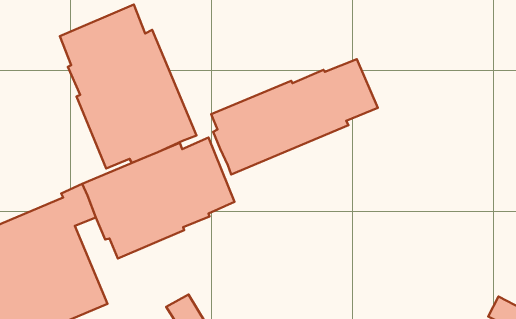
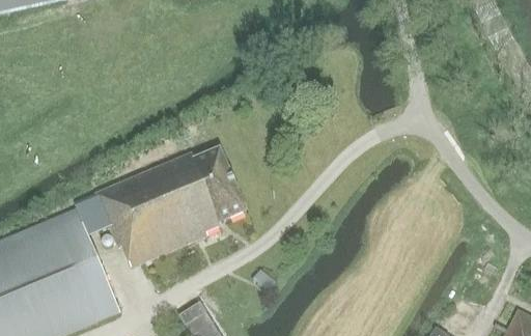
building: [60,5,196,169] -> none
building: [211,59,378,174] -> none

